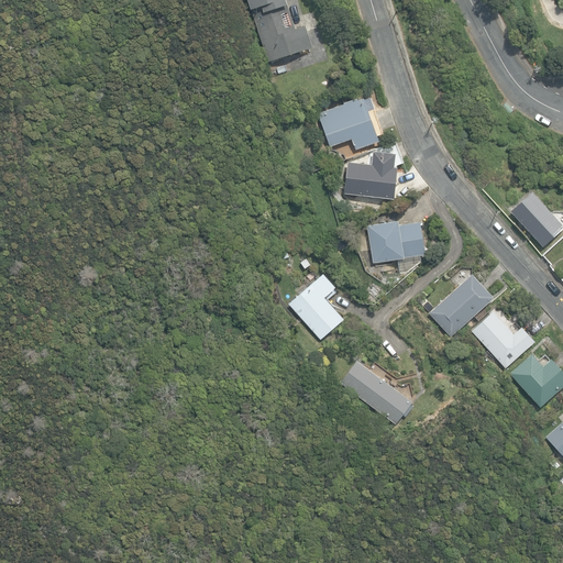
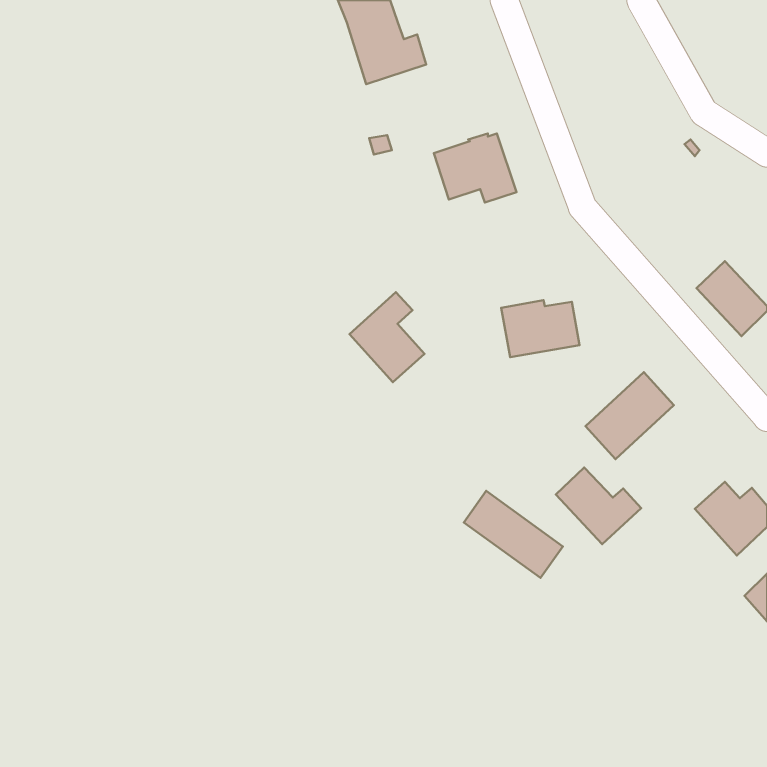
building: [344,142,402,199] -> none
building: [289,273,344,339] -> [349,292,424,382]
building: [472,311,534,367] -> [556,468,641,544]

